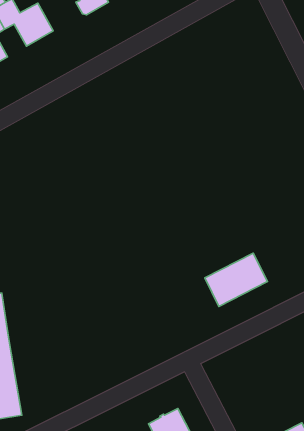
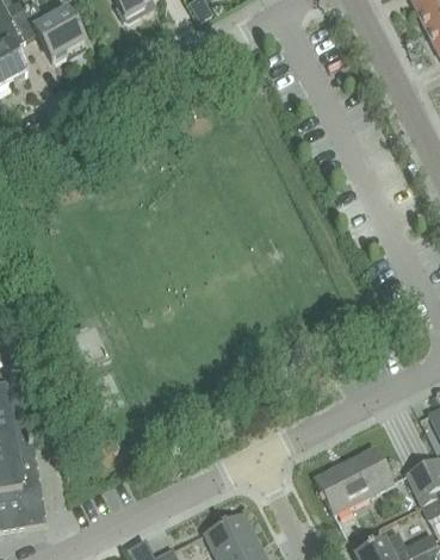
building: [205,253,268,306] -> [315,446,393,512]

